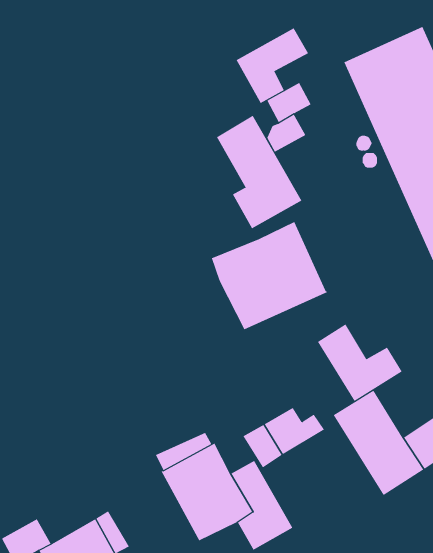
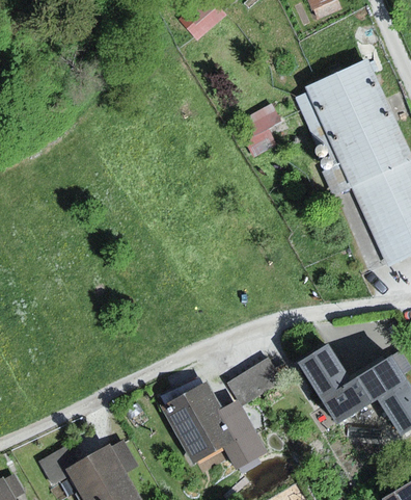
building: [236,27,309,104] -> none
building: [216,115,302,229] -> none
building: [211,221,329,330] -> none
building: [317,324,402,402] -> none

